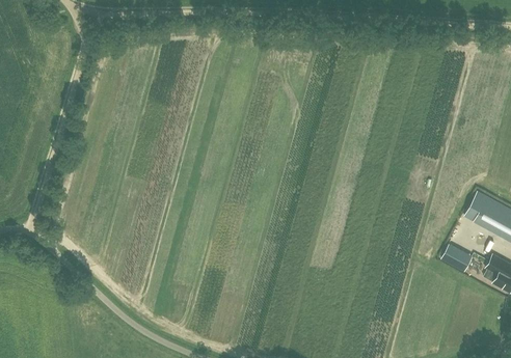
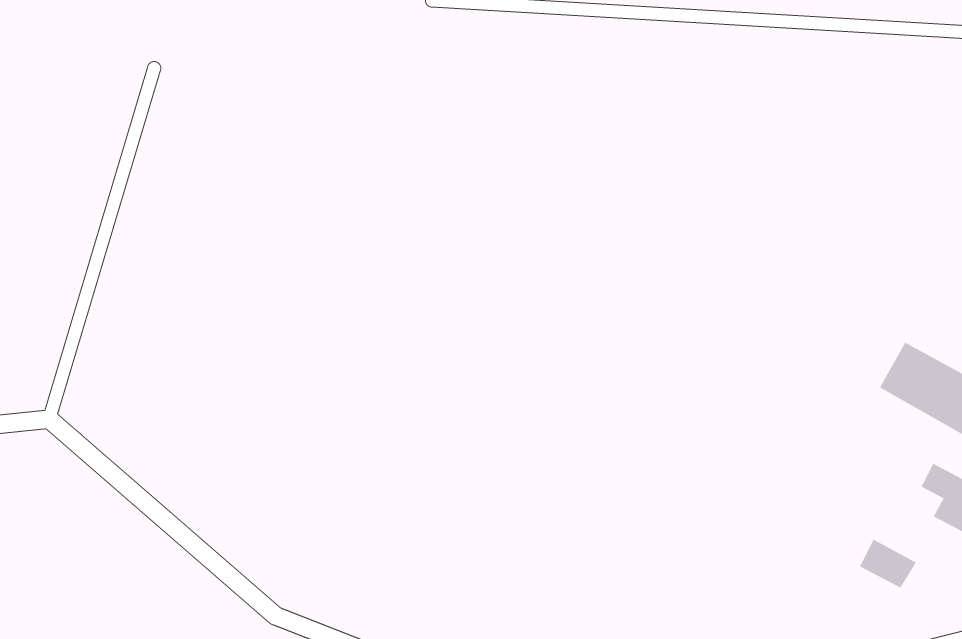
building: [441,244,472,270] -> [859,539,917,588]

